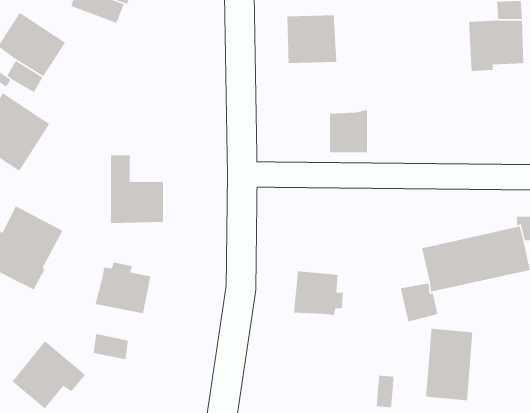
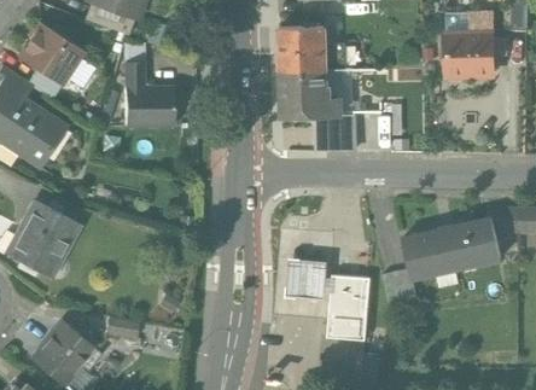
building: none -> [281,70,343,116]
building: [110,154,164,224] -> [124,63,173,126]
building: [95,262,151,314] -> none
building: [425,328,473,401] -> [327,274,371,340]

